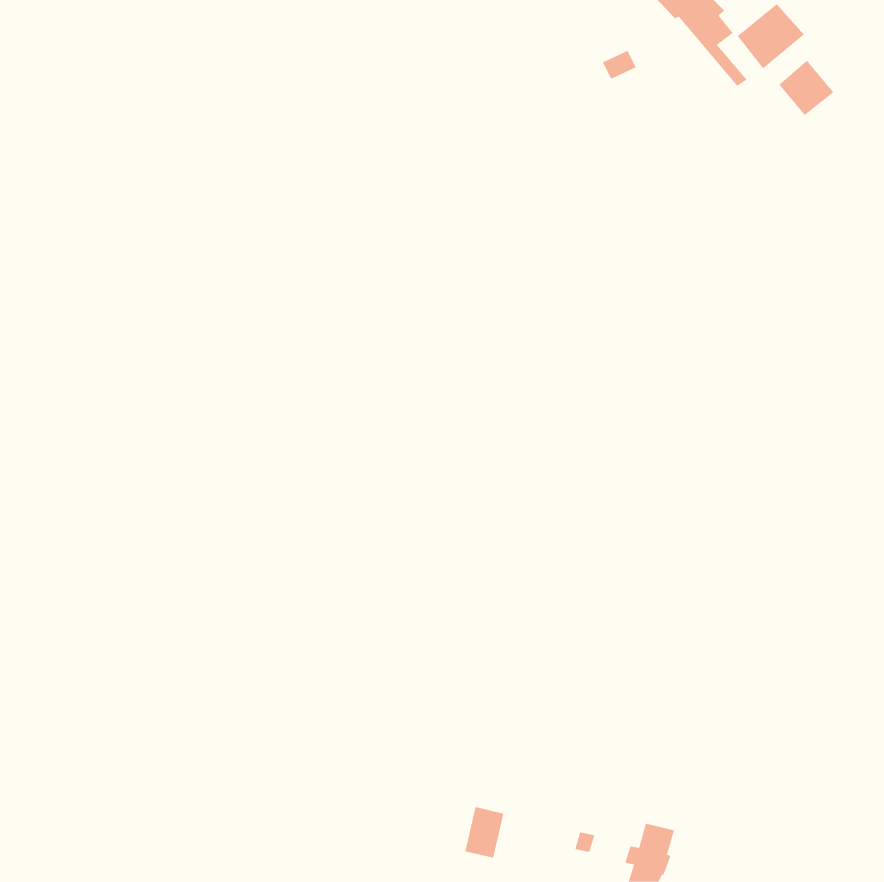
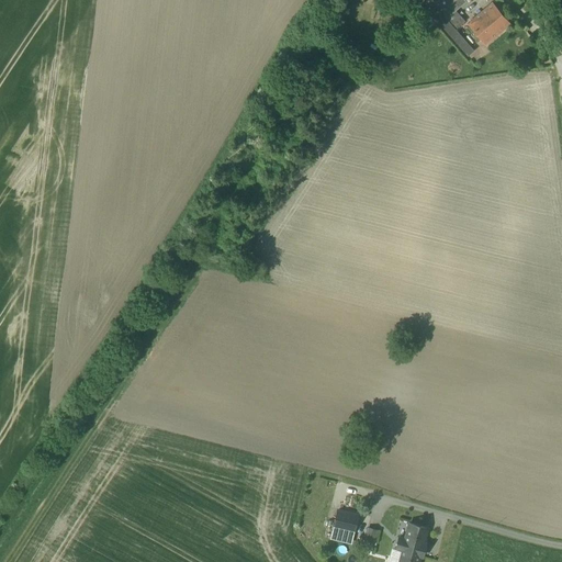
building: [779,60,834,116] -> none
building: [465,806,504,858] -> [331,509,357,542]

